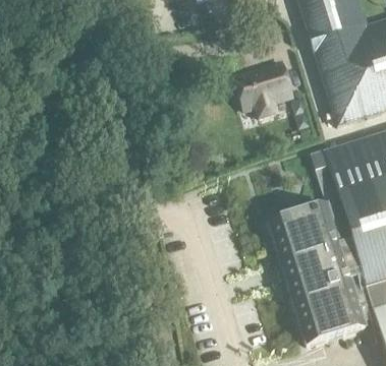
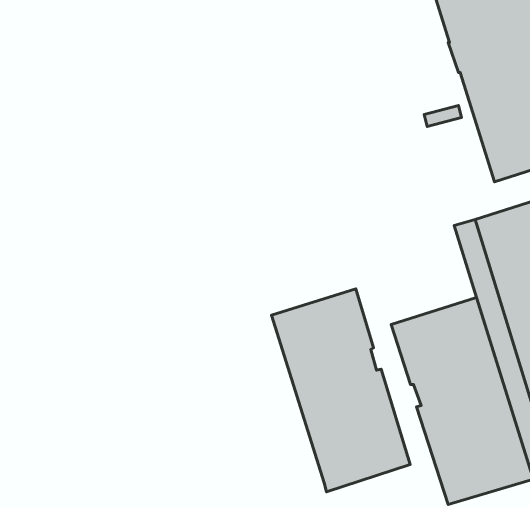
building: [232,63,292,117] -> none
building: none -> [271,289,410,492]

